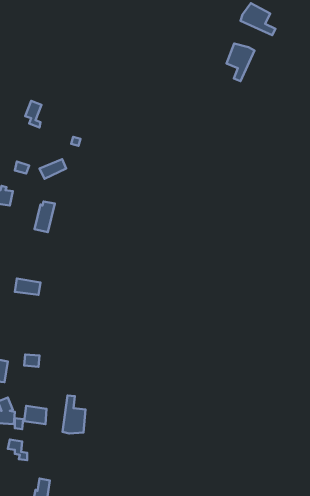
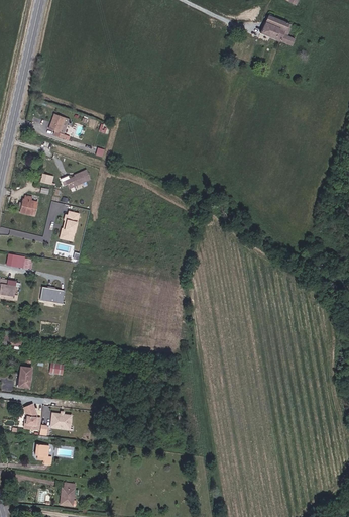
building: [227,44,254,81] -> none
building: [62,395,85,433] -> none

